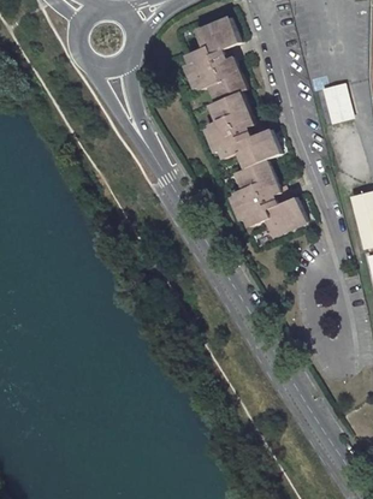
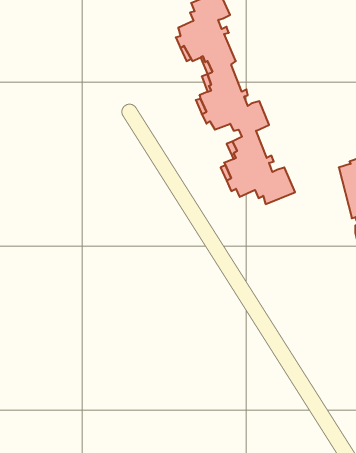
building: [322,85,349,123] -> none

